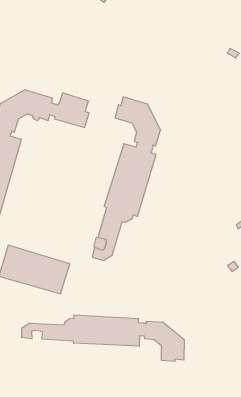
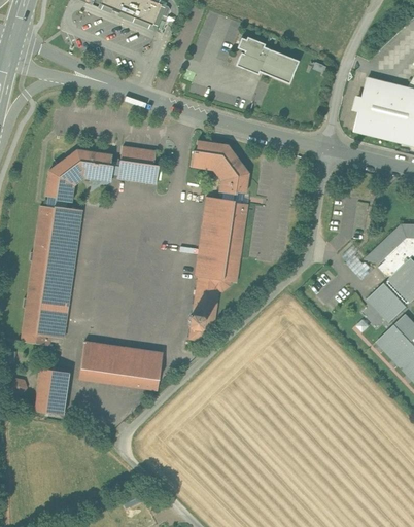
building: none -> [235,36,299,83]
building: [22,315,184,361] -> none

